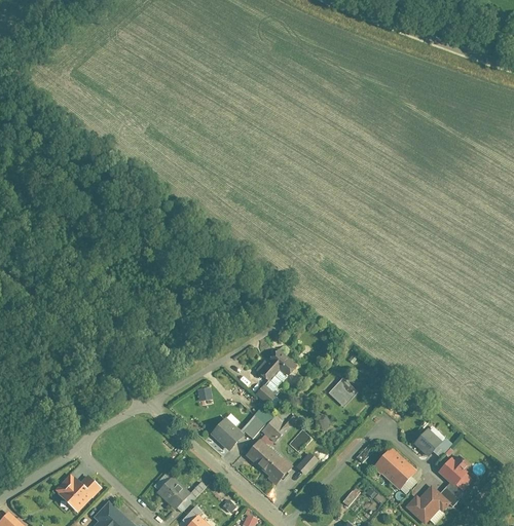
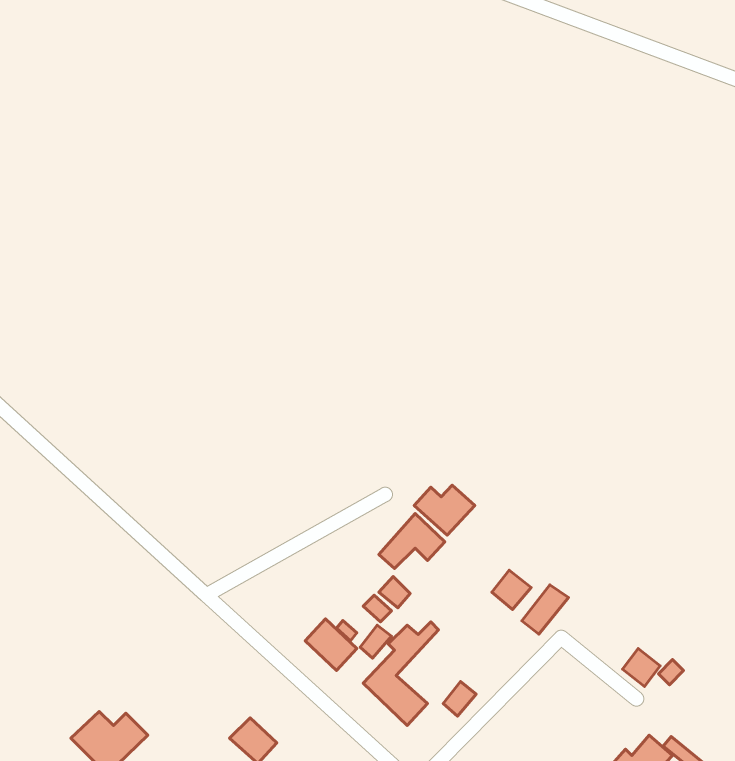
building: none -> [414,485,475,535]
building: none -> [522,585,568,634]
building: [375,451,414,488] -> none
building: [438,460,468,489] -> none

